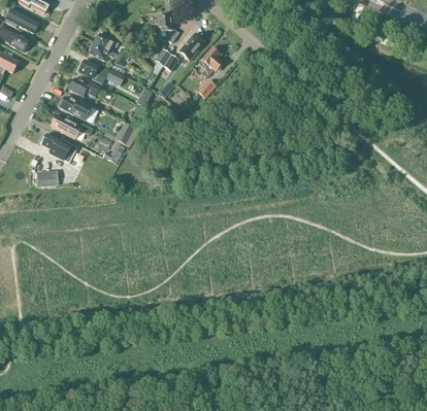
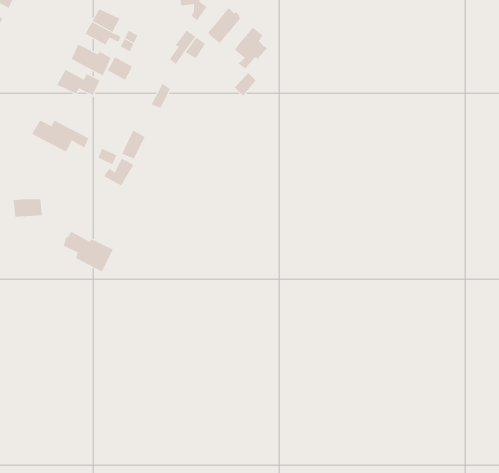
building: [59,96,98,123] -> none
building: [40,133,77,163] -> [63,231,113,272]

